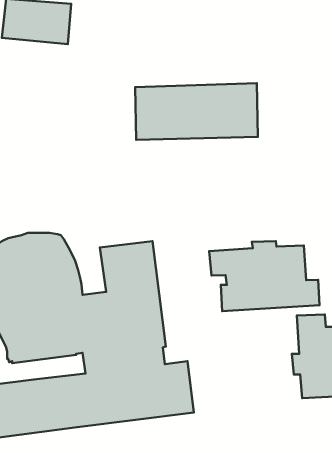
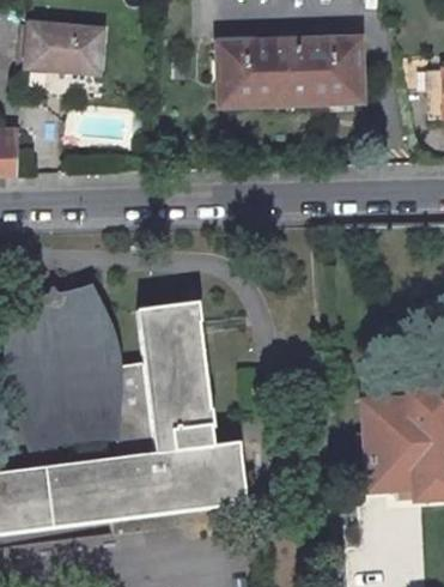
building: [135,83,258,140] -> [219,38,361,104]
building: [209,241,319,311] -> none

